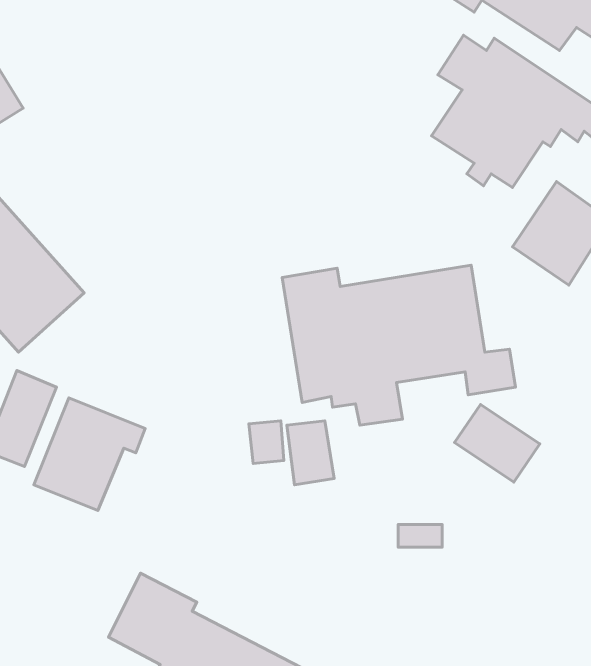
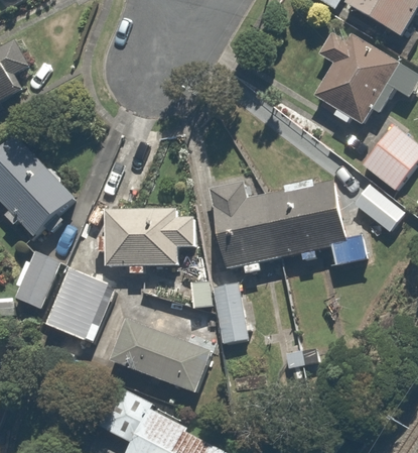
building: none -> [97,205,194,273]
building: [454,404,540,482] -> [350,181,406,232]
building: none -> [108,316,210,393]

